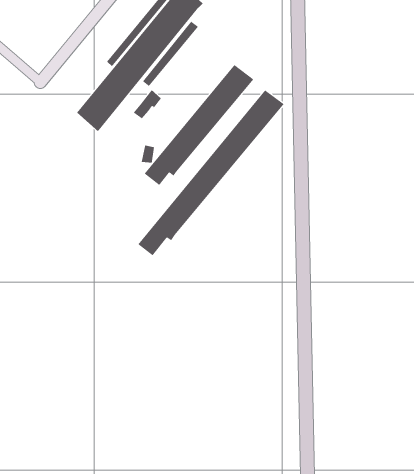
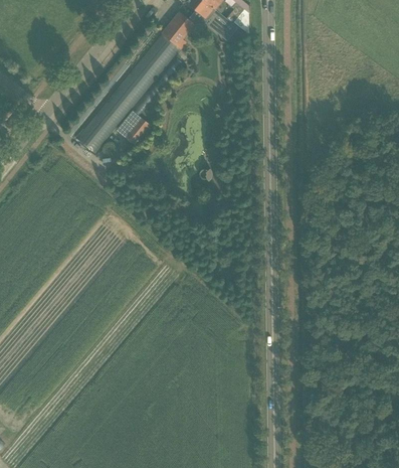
building: [144,64,254,186] -> none
building: [138,89,285,256] -> none

